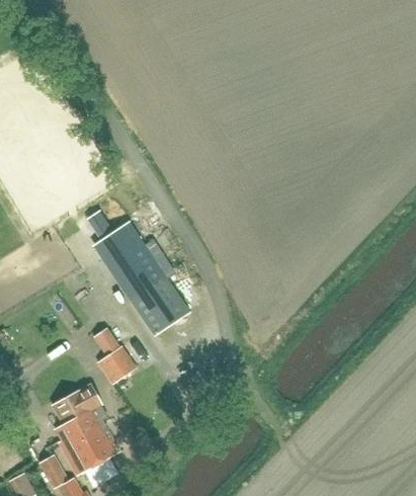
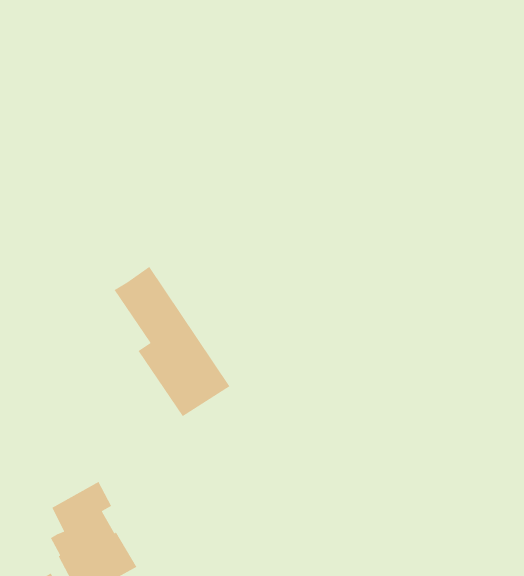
building: [95,344,136,385] -> none

